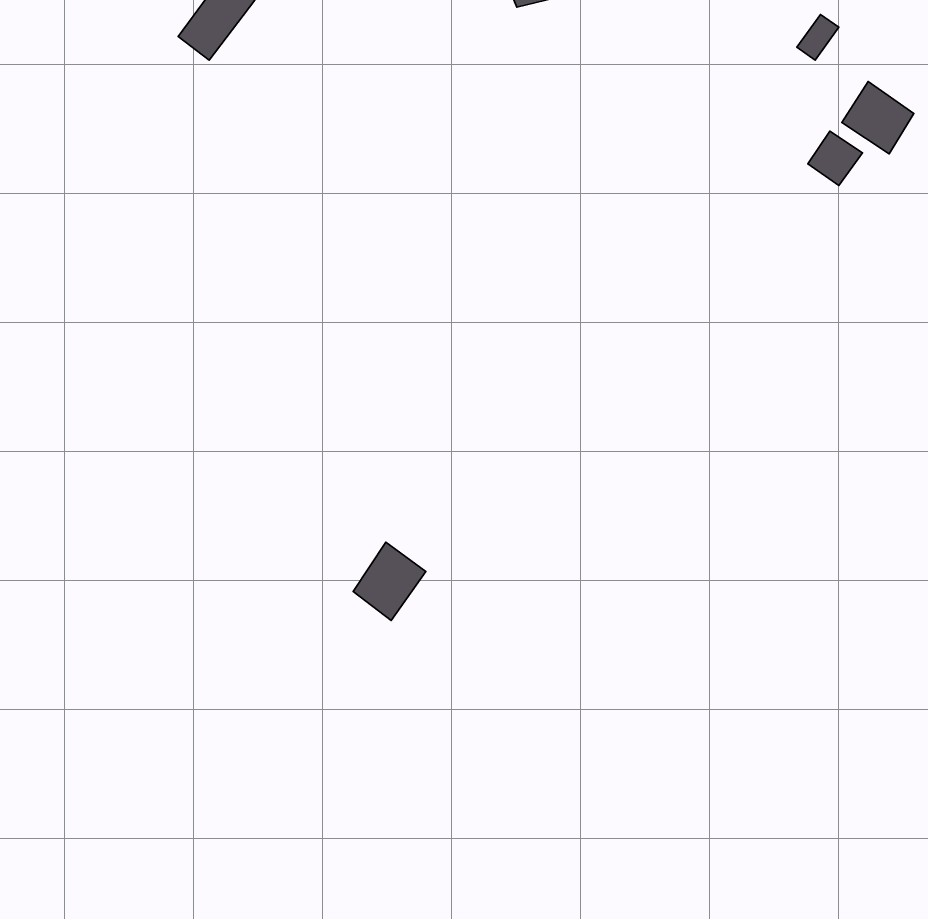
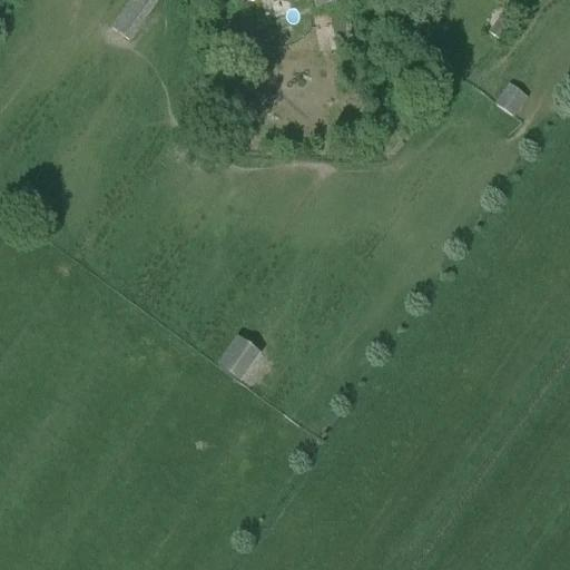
building: [842,82,914,154] -> none

